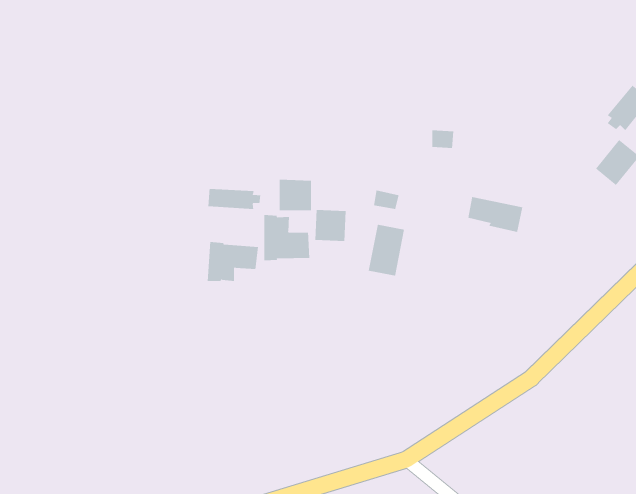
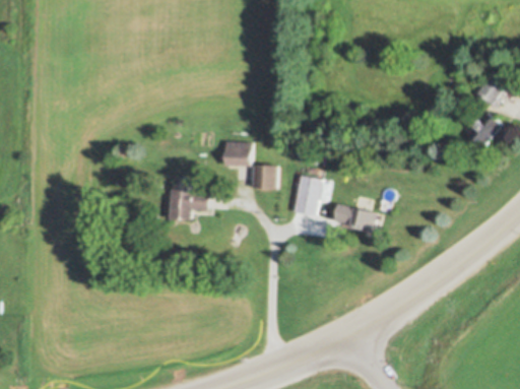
building: [208,188,261,210] -> none
building: [467,197,523,233] -> [335,205,378,233]
building: [264,214,310,261] -> none

